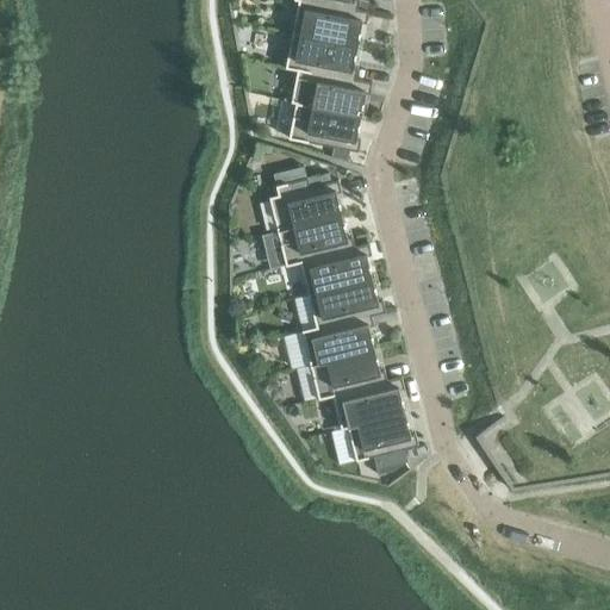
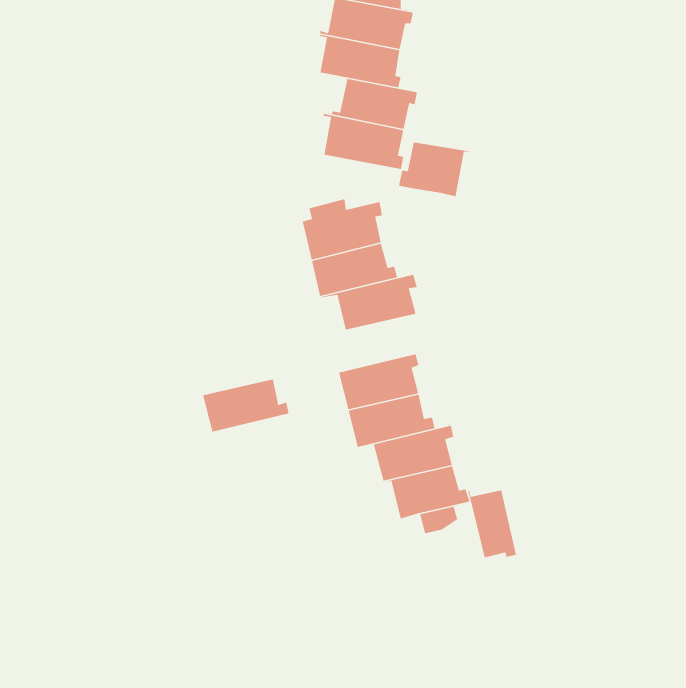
building: none -> [398,142,471,197]
building: [299,278,382,329] -> [195,379,290,437]
building: none -> [468,489,517,558]

